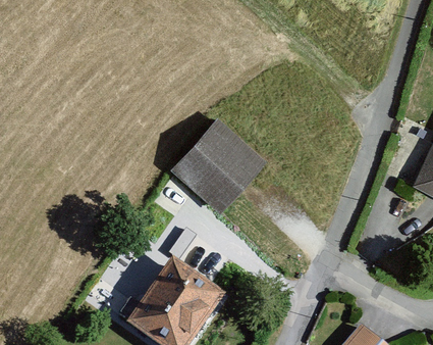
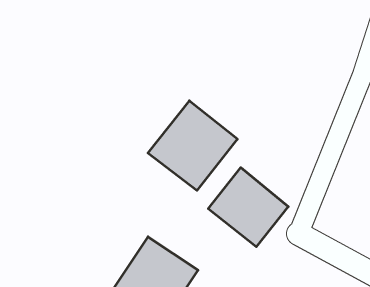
building: none -> [208,168,288,247]

